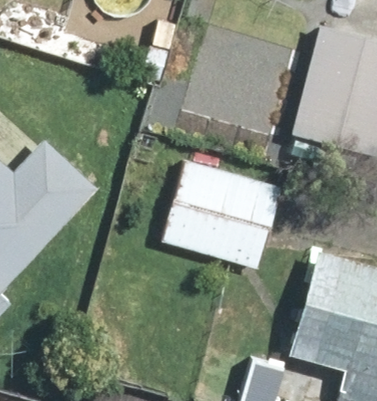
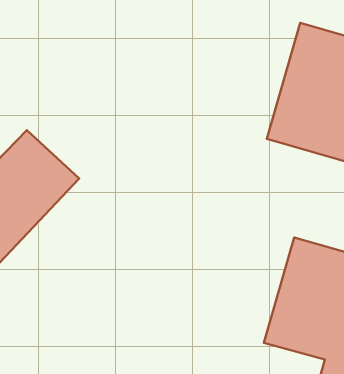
building: [160,158,284,268] -> none

